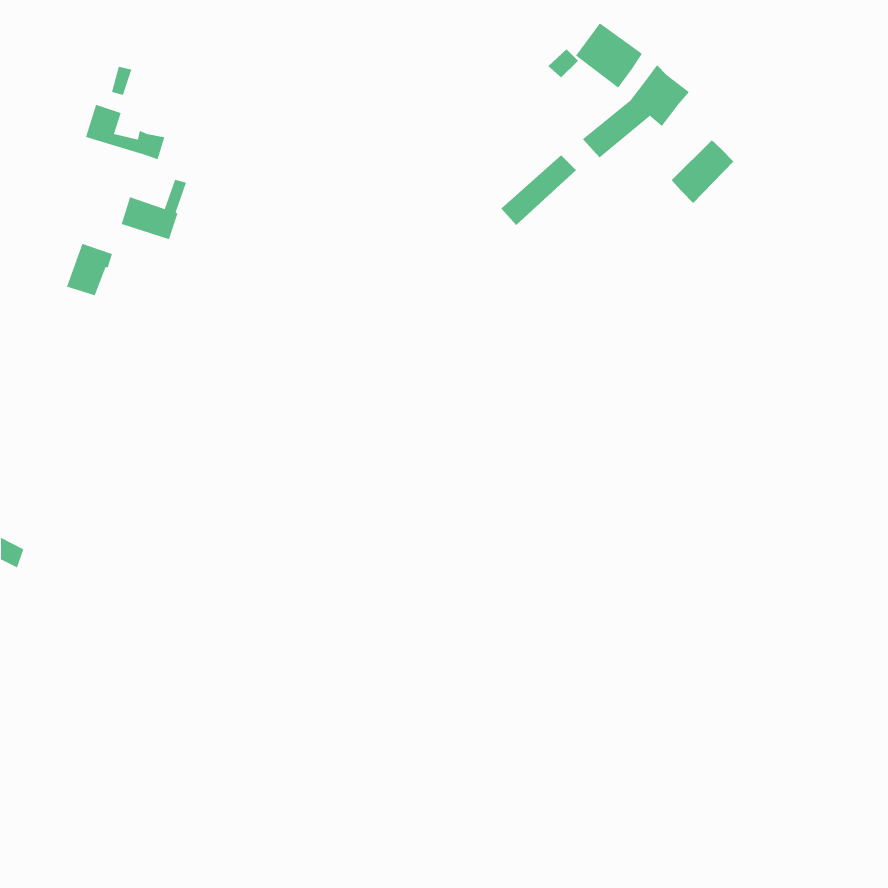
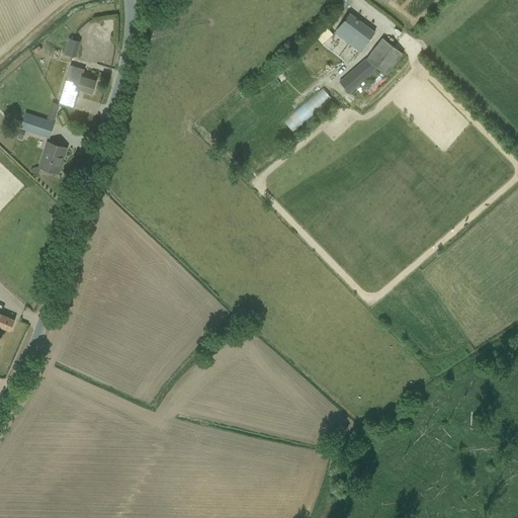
building: [671,139,734,204] -> none
building: [121,179,187,240] -> [20,102,59,138]

